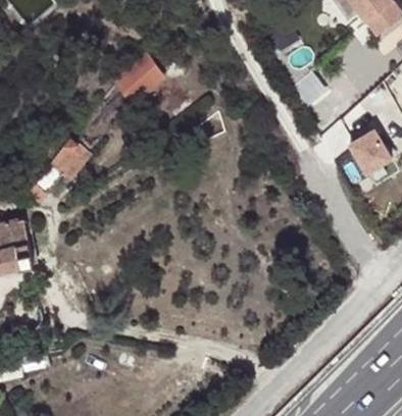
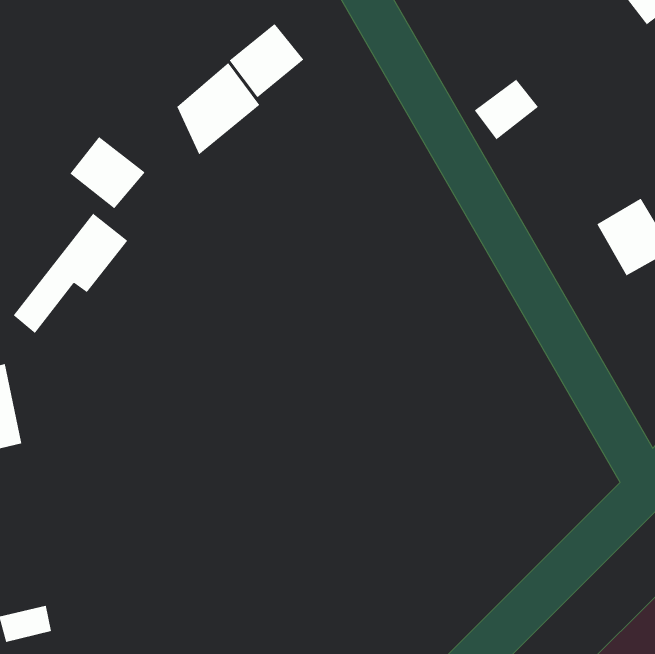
building: none -> [229,23,304,98]
building: none -> [70,136,145,209]

